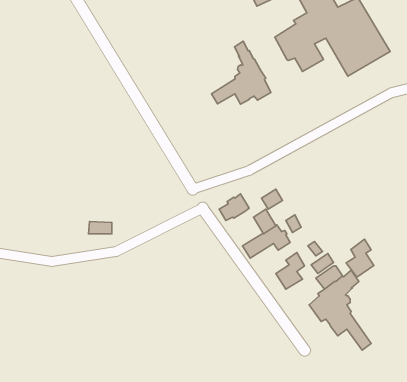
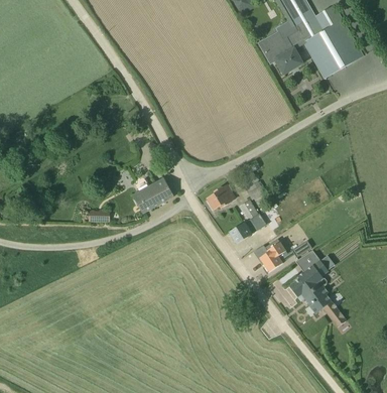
building: [212,41,271,104] -> none
building: none -> [134,178,172,212]
building: [346,239,374,277] -> none

